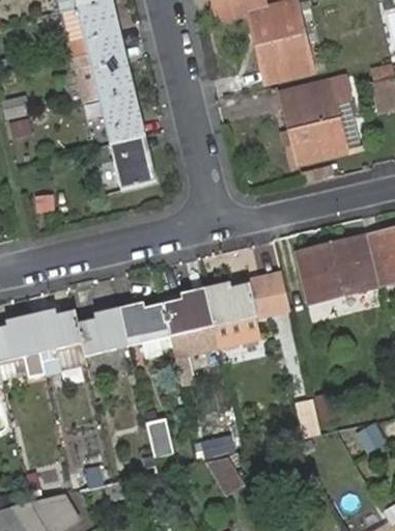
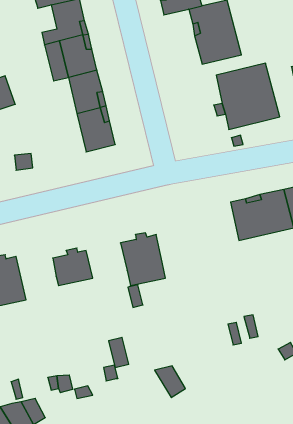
building: [207,276,290,346] -> none
building: [120,301,171,346] -> none
building: [33,308,87,373] -> none

